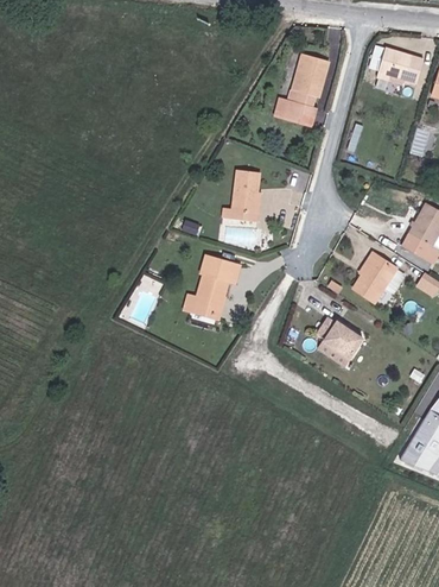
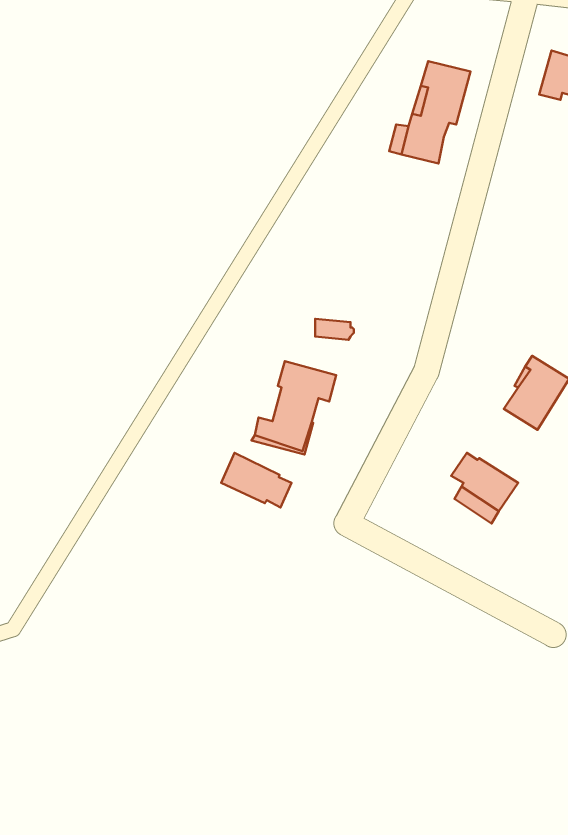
building: [228,169,260,221] -> none
building: none -> [221,453,291,508]

